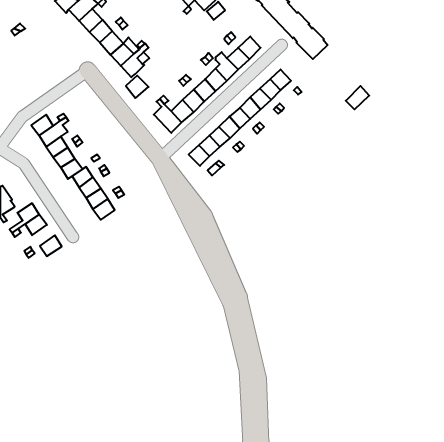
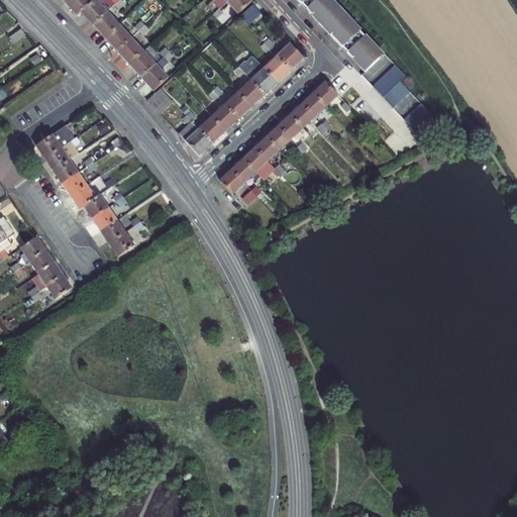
building: none -> [371,63,408,105]
building: none -> [31,262,64,290]

